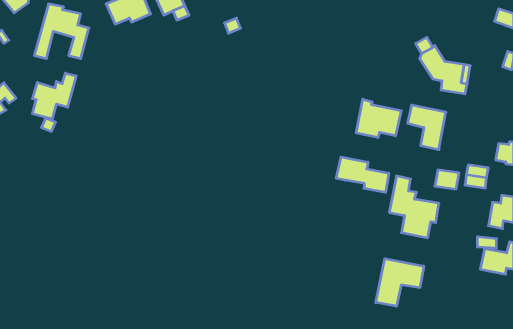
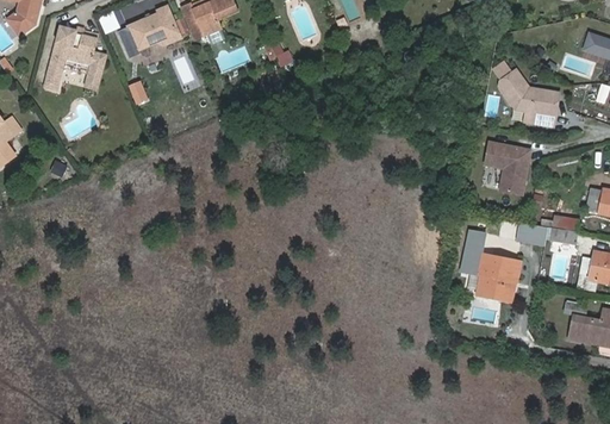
building: [32,73,76,119] -> none
building: [356,99,401,138] -> none
building: [336,157,389,192] -> none
building: [376,259,424,306] -> none

